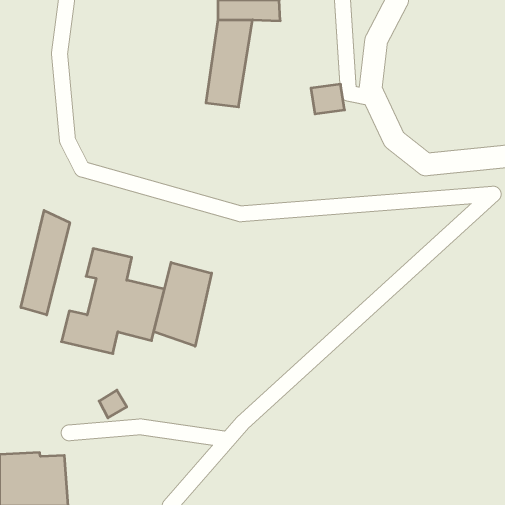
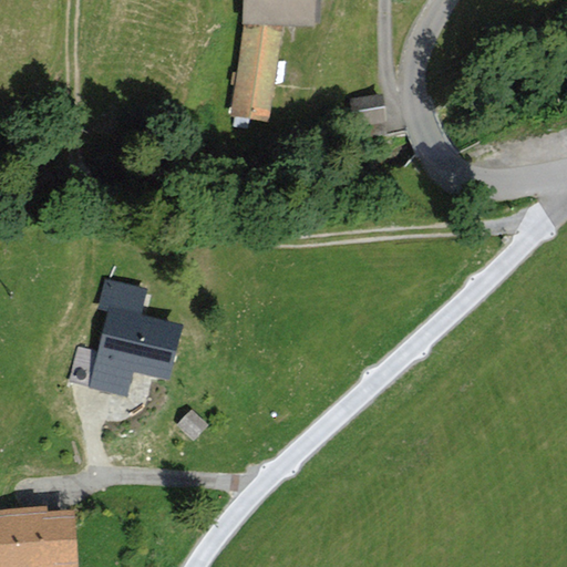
building: [21,210,70,315] -> none
building: [154,262,212,346] -> none

